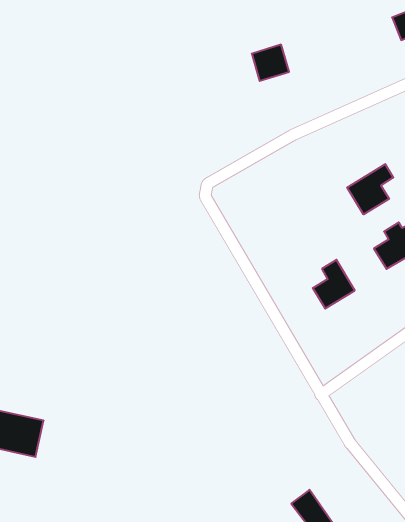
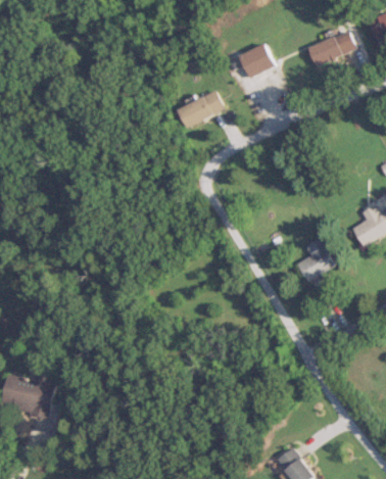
building: none -> [307,31,356,66]
building: none -> [177,91,224,128]
building: [347,164,393,214] -> none

